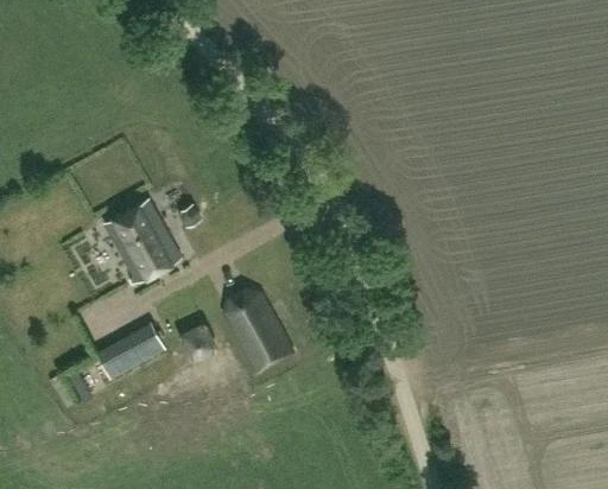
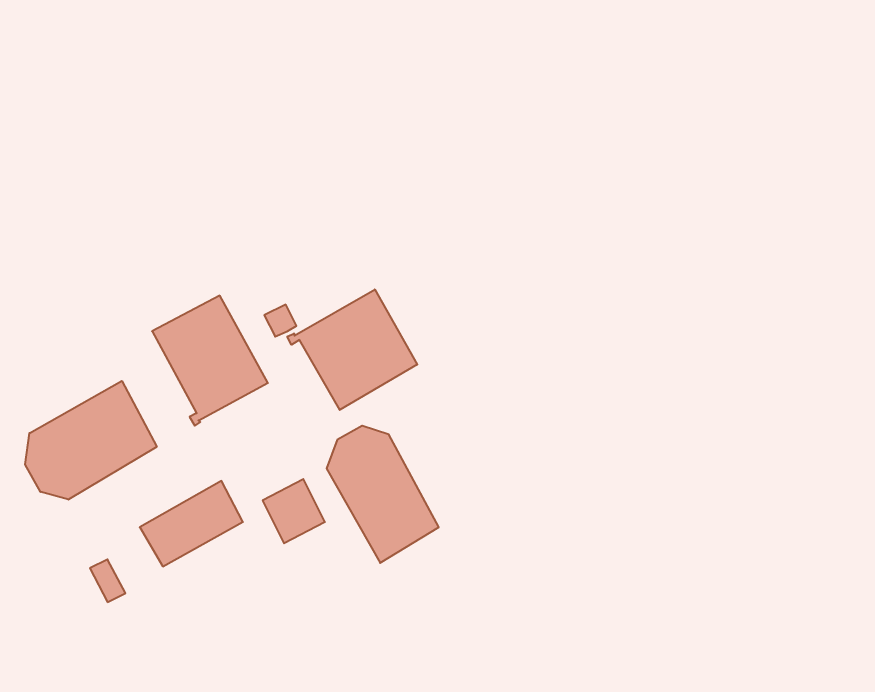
building: none -> [287,289,417,410]
building: none -> [25,381,157,500]

